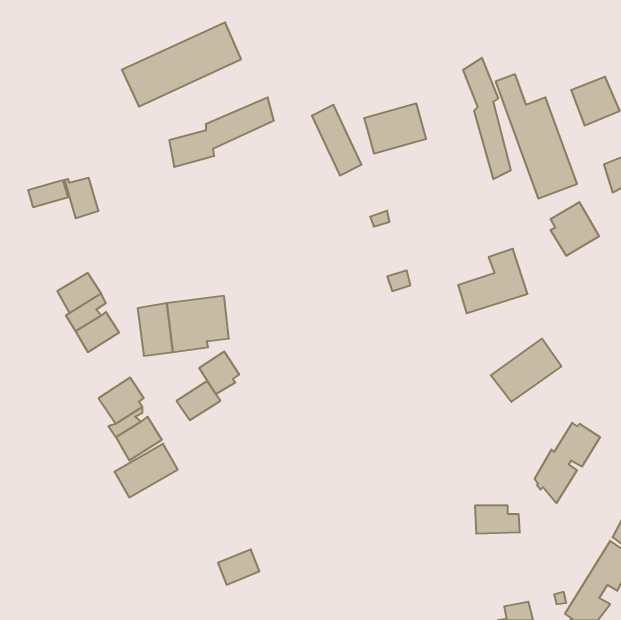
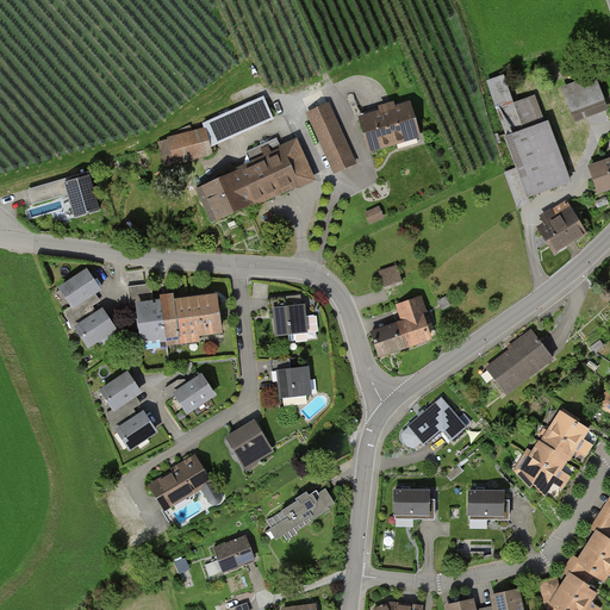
building: [122,22,241,107] -> [192,141,309,223]
building: [463,58,511,179] -> none
building: [458,249,528,313] -> [368,294,436,357]
building: none -> [274,303,310,332]
building: [199,351,239,394] -> none
building: none -> [279,365,312,394]
building: none -> [393,397,463,455]
building: none -> [229,421,274,466]
building: [114,444,178,497] -> [150,455,212,508]
building: none -> [263,487,330,536]
building: none -> [393,491,424,515]

